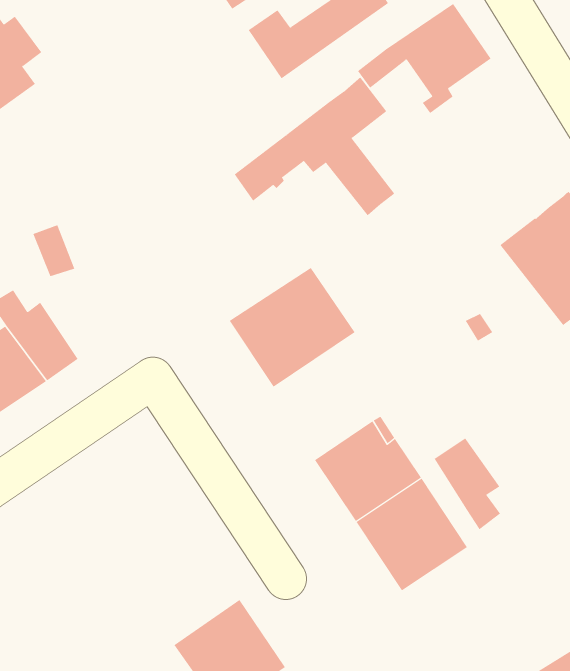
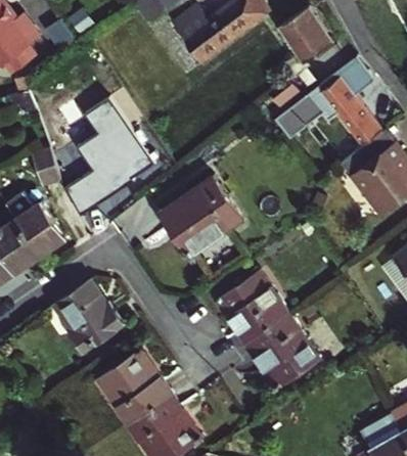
building: [234,76,395,216] -> [274,55,378,145]
building: none -> [70,95,159,209]
building: none -> [54,281,124,352]
building: [434,438,501,530] -> none
building: none -> [99,353,170,421]

